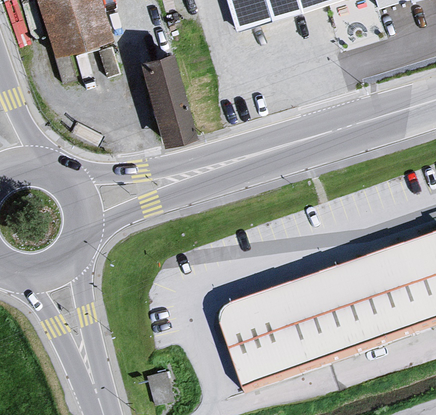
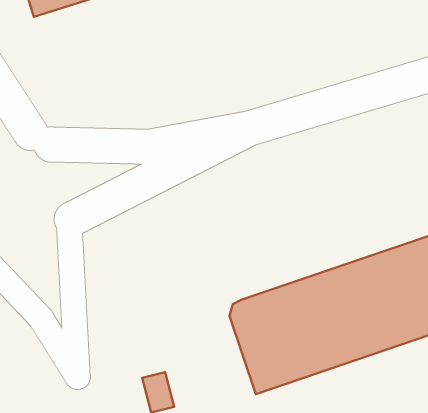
building: [136,48,196,142] -> none

